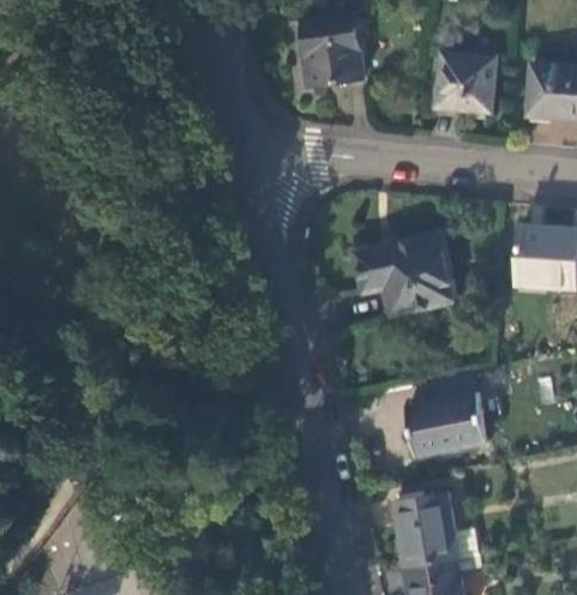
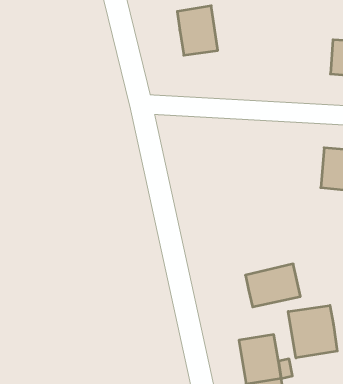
building: [439,53,498,110] -> none
building: [353,235,453,318] -> none
building: none -> [288,305,337,358]

